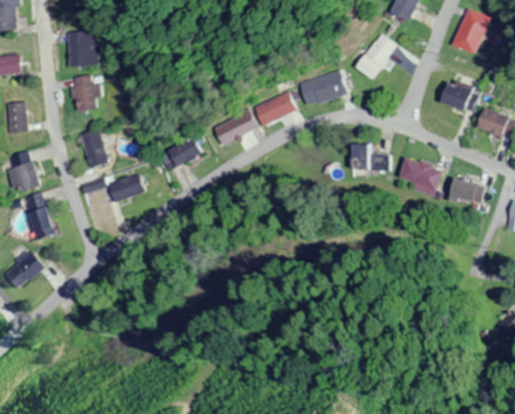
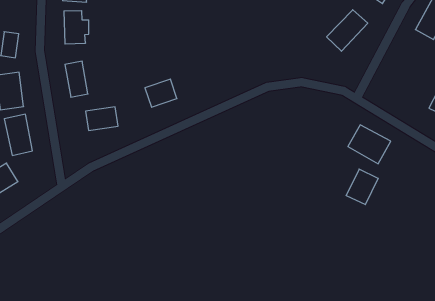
building: [300,69,348,107] -> none
building: [447,82,473,108] -> none
building: [254,90,297,125] -> none
building: [212,110,258,146] -> none
building: [349,143,387,180] -> none
building: [447,177,479,214] -> [346,169,378,205]

